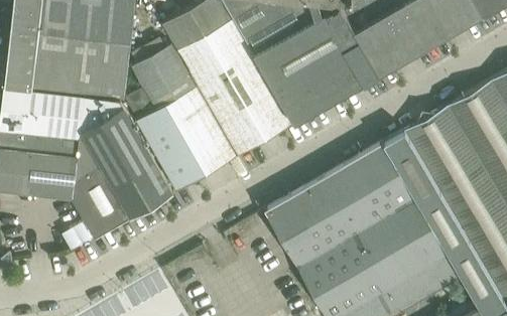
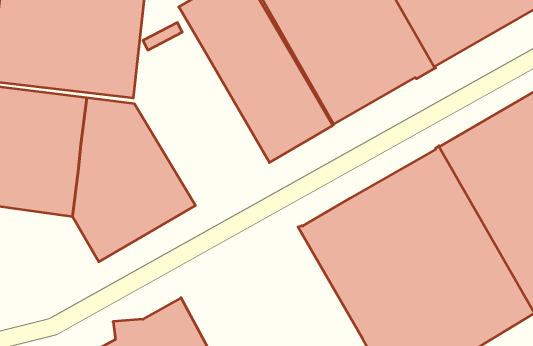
building: [125,47,236,191] -> none

